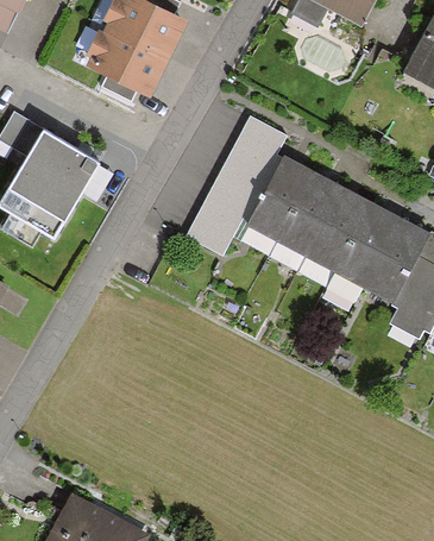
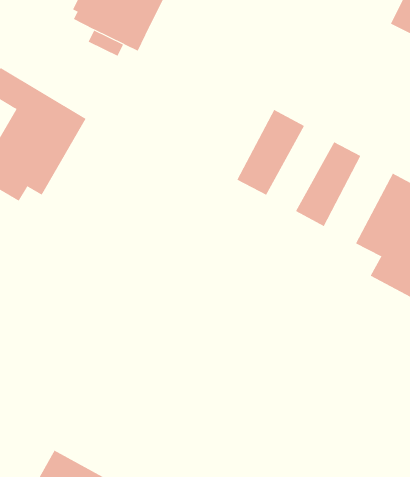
building: [188,118,285,254] -> none
building: [279,172,346,257] -> none
building: [336,202,404,289] -> none

